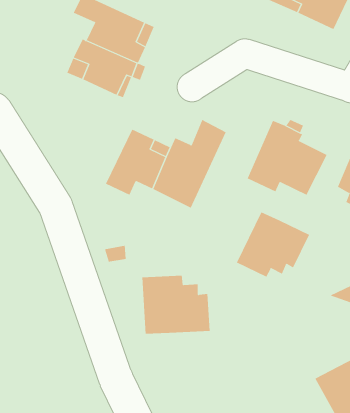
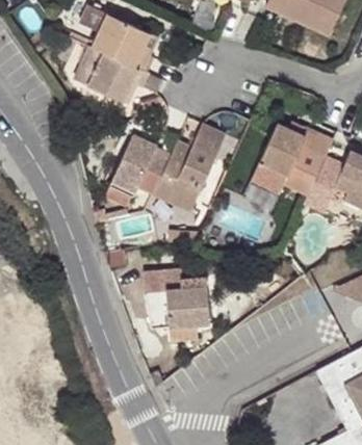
building: [236,211,310,277] -> none

